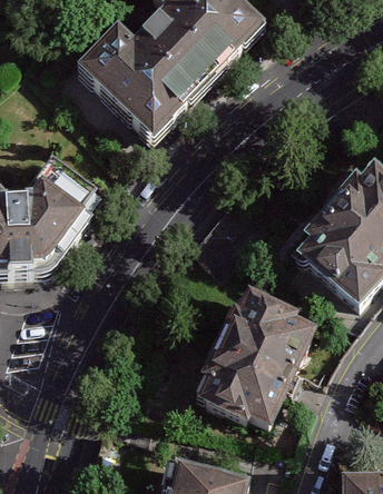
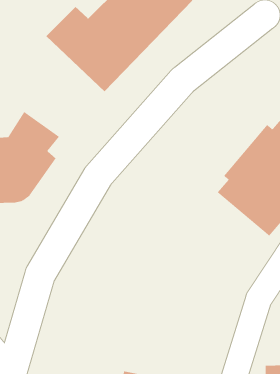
building: [196,274,321,417] -> none

